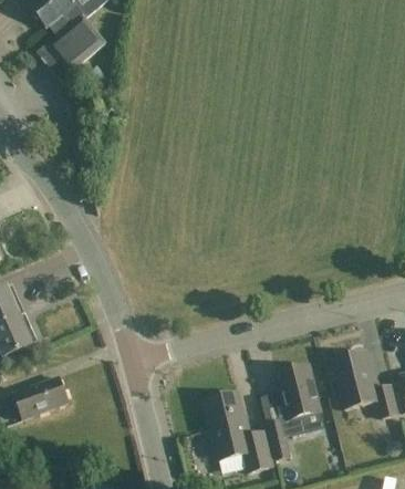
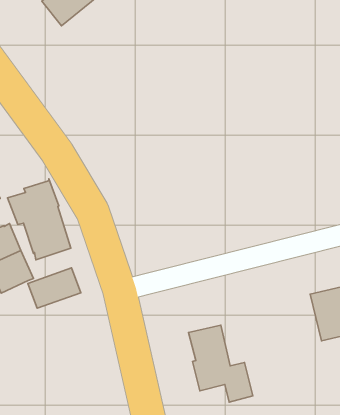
building: none -> [8,179,71,260]
building: [267,365,320,458] -> none
building: [12,375,69,418] -> [28,268,81,308]

